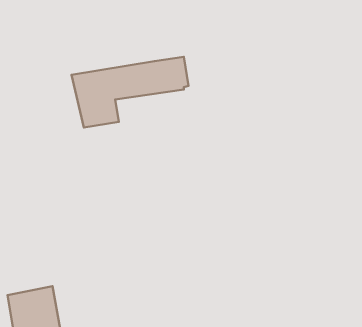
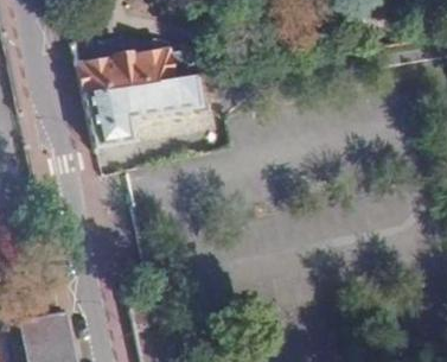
building: none -> [88,44,181,87]

